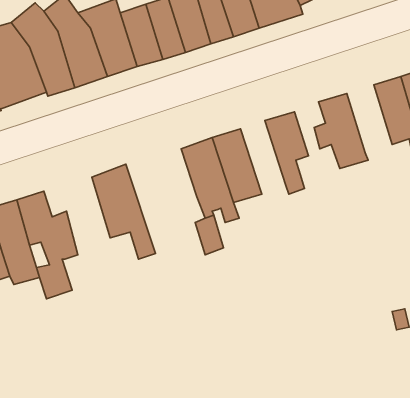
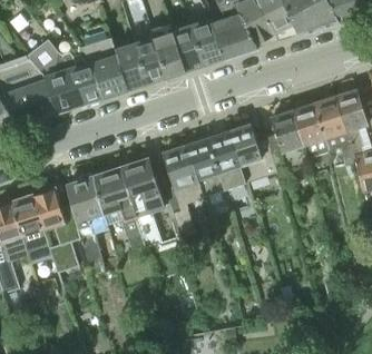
building: none -> [292,104,327,157]
building: none -> [208,131,244,189]
building: none -> [118,157,165,246]
building: none -> [66,176,106,268]

